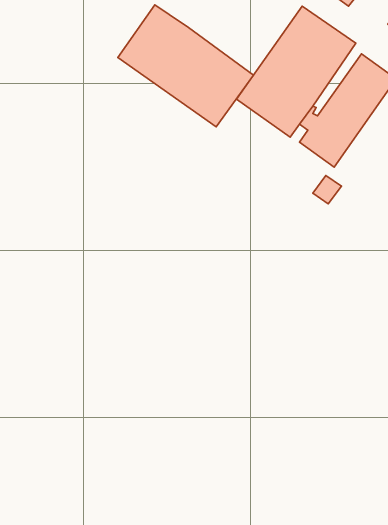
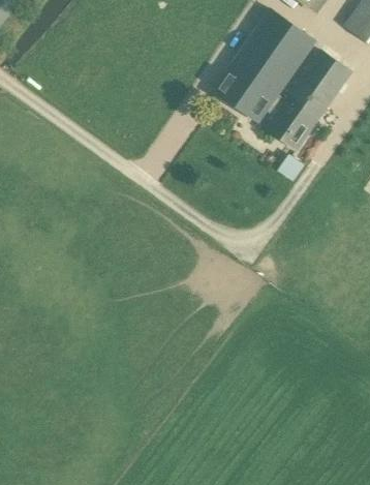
building: [118,5,253,127] -> none

